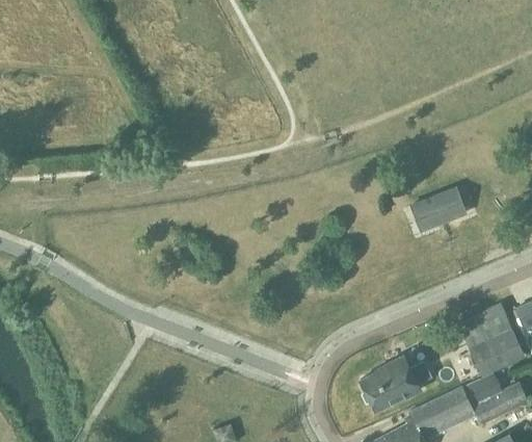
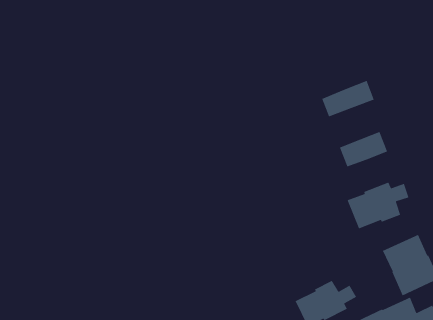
building: none -> [321,80,375,118]
building: none -> [347,181,410,229]

